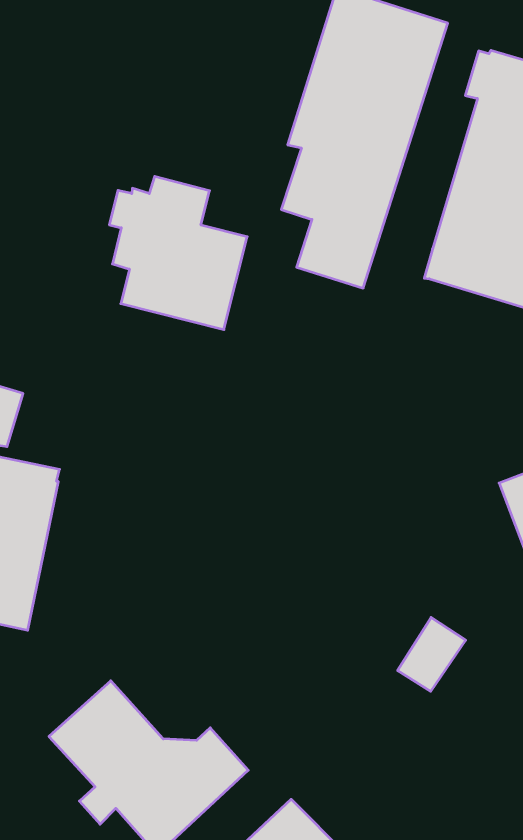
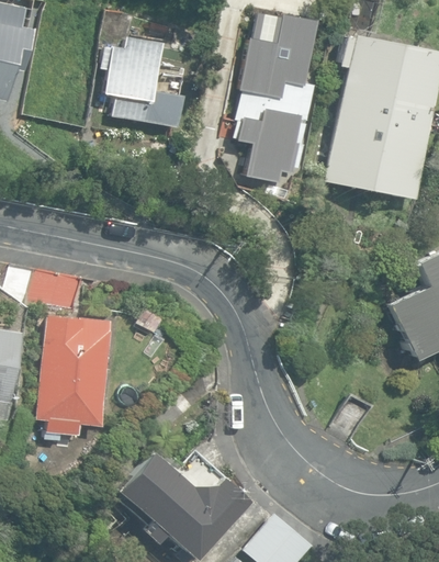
building: [109,176,247,330] -> [101,37,188,128]

